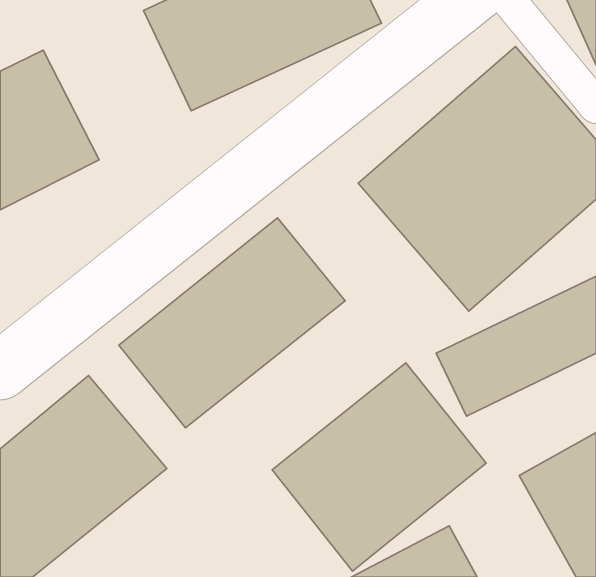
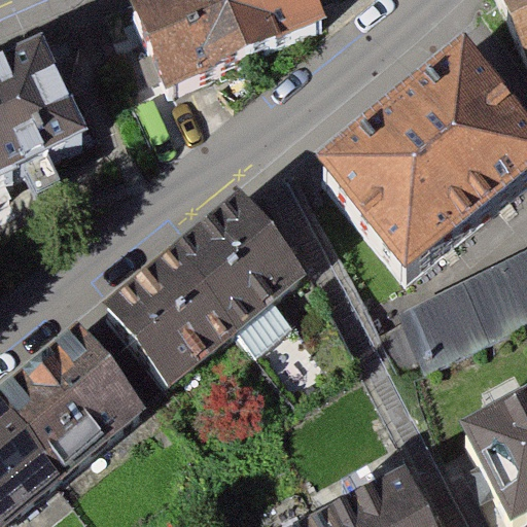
building: [272,363,486,571] -> none

